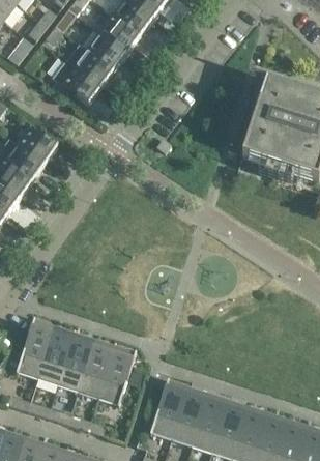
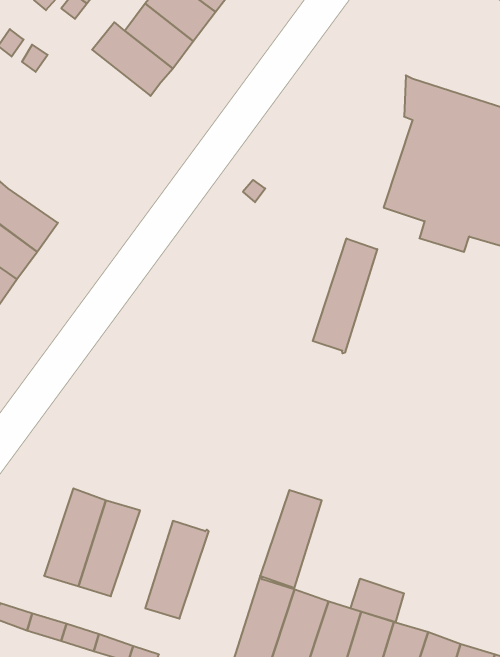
building: [52,59,100,105] -> none
building: [14,124,57,164] -> none
building: none -> [313,238,377,353]
building: [16,316,54,377] -> none
building: [77,338,114,397] -> [260,490,322,588]
building: none -> [351,579,404,622]

